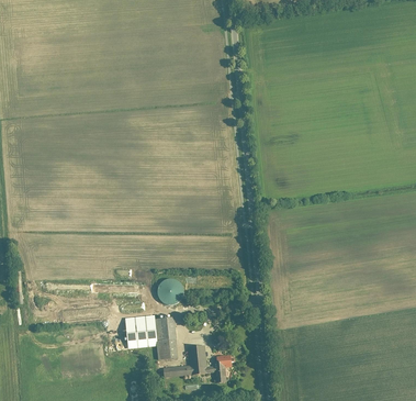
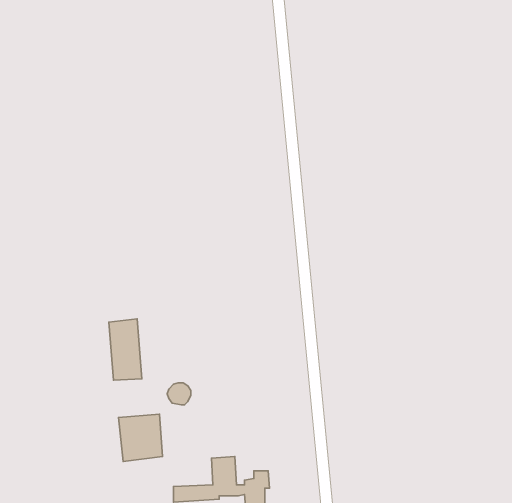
building: [156,315,179,358] -> [109,319,142,380]

